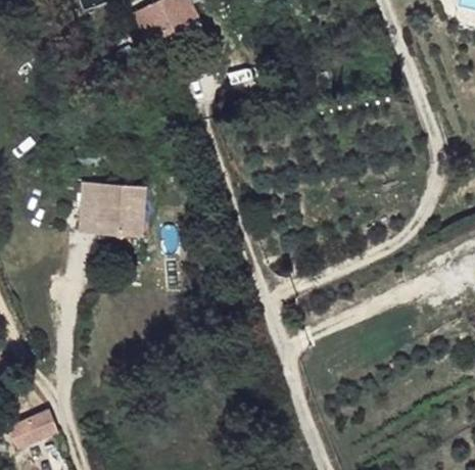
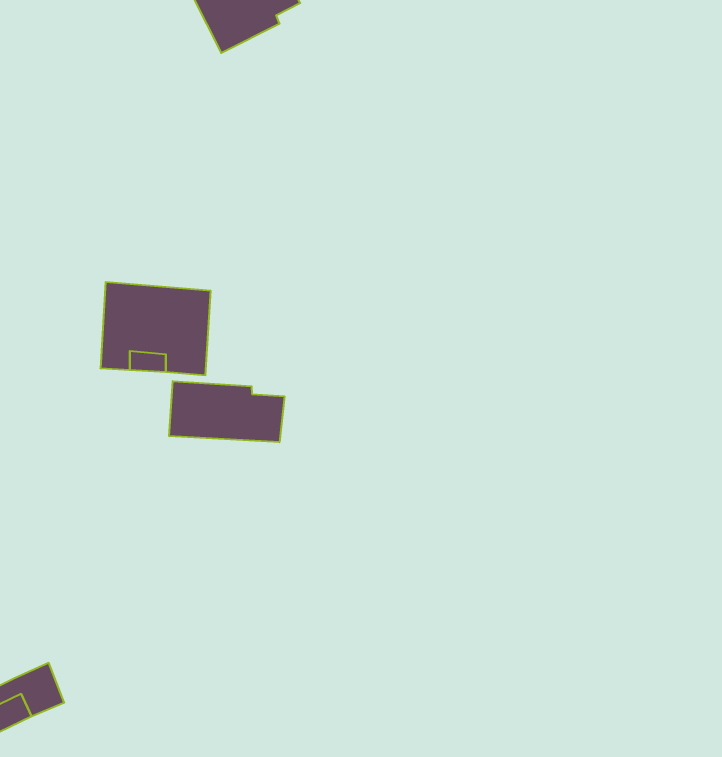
building: none -> [169,381,284,442]

